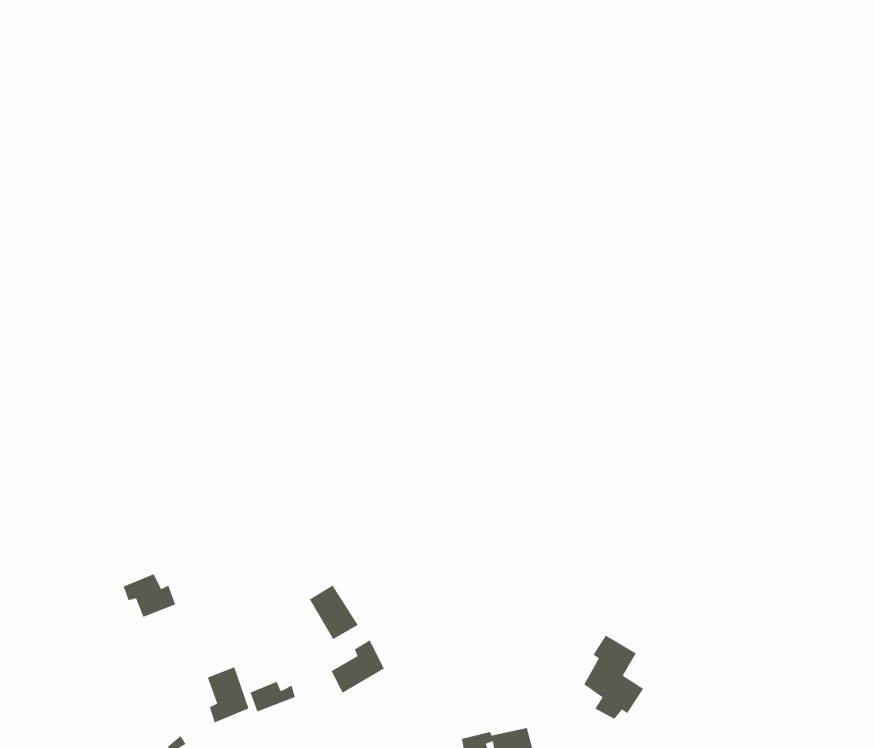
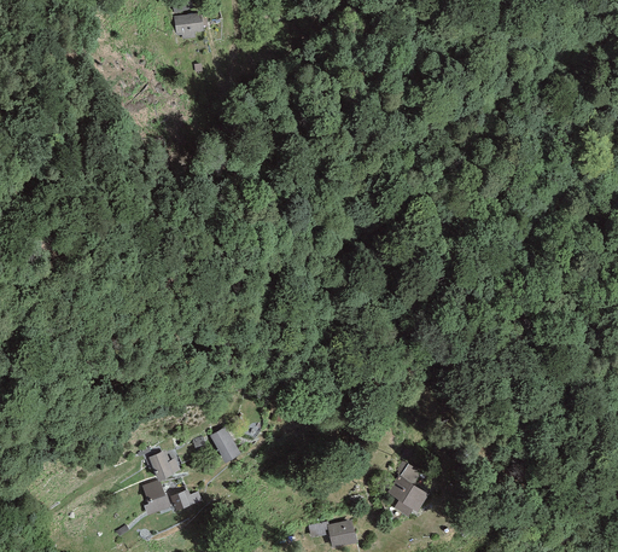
building: [123,573,176,618] -> [145,449,180,478]
building: [330,639,385,694] -> none

